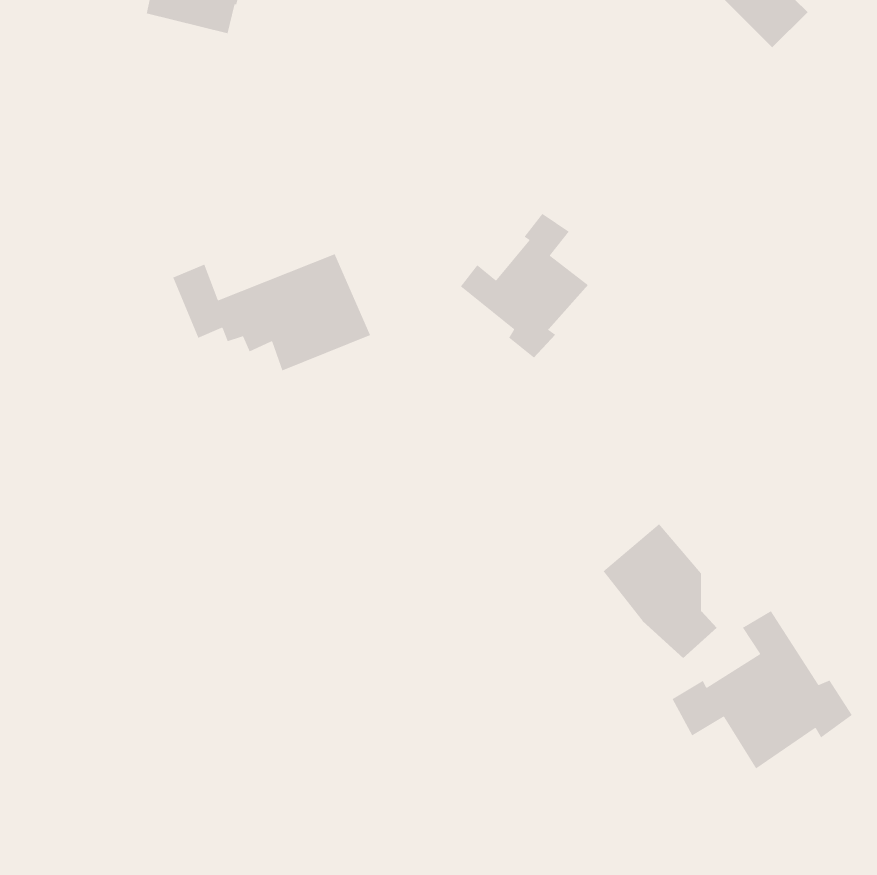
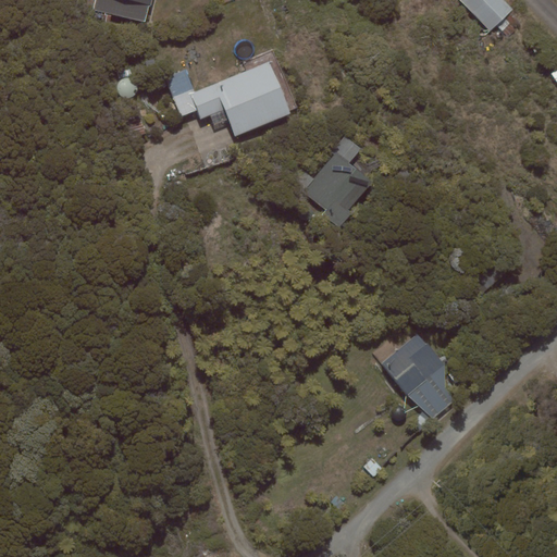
building: [172,253,371,371] -> [165,61,292,136]
building: [671,610,853,770] -> none

